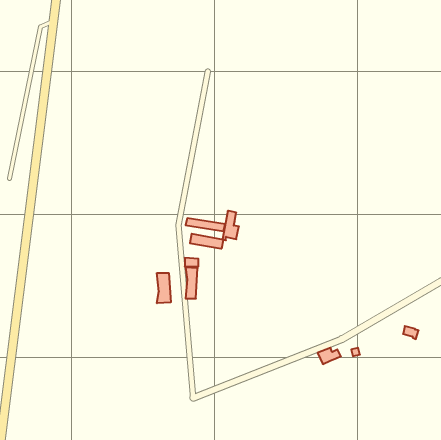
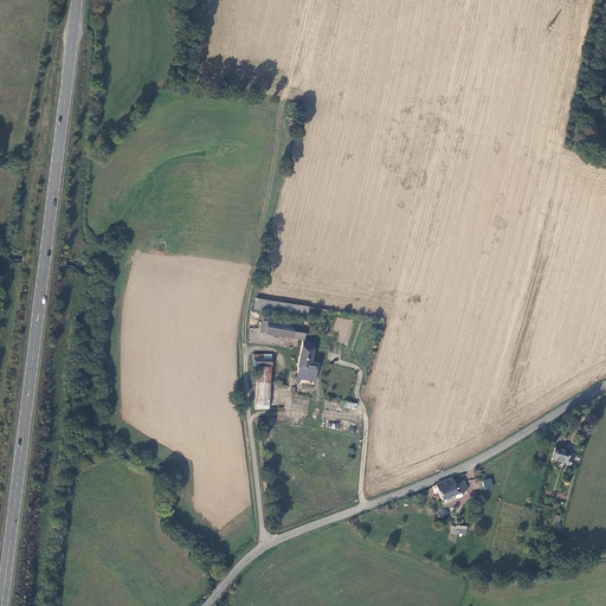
building: [223,211,239,240] -> [296,341,318,381]
building: [157,273,171,303] -> none

